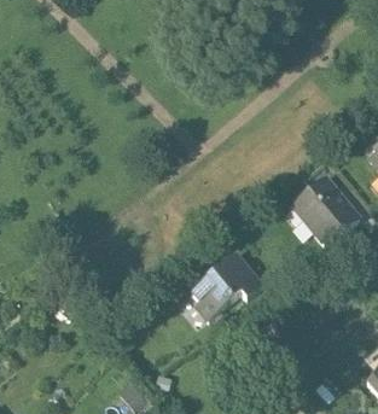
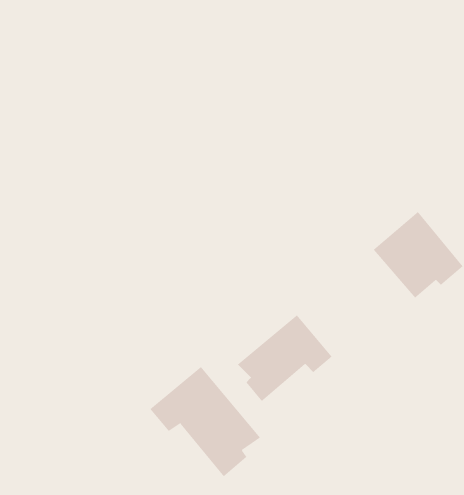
building: none -> [149,366,261,477]

